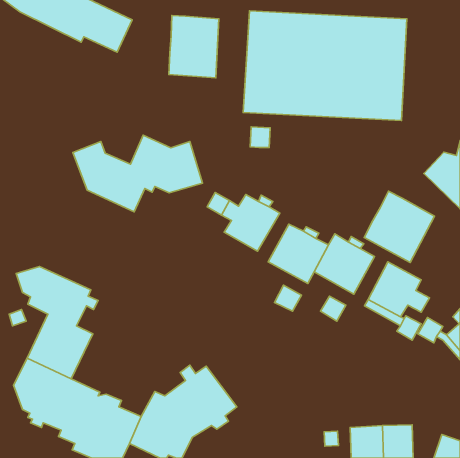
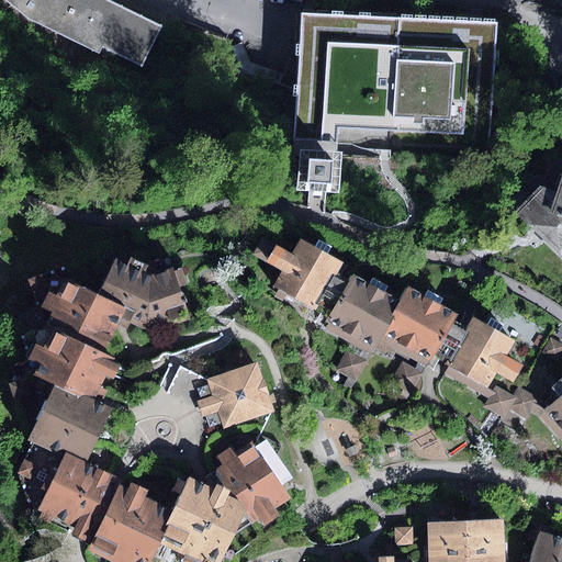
building: [169,16,219,78] -> none
building: [73,135,202,212] -> [31,258,189,351]
building: [364,191,435,263] -> none
building: none -> [198,360,274,427]

